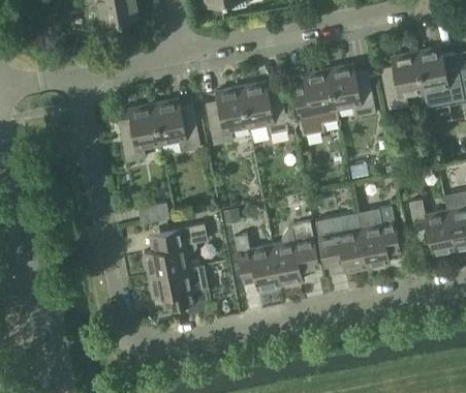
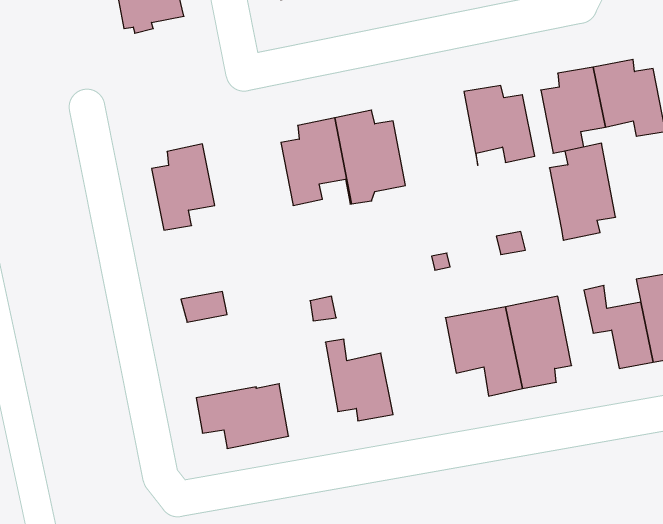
building: [292,69,337,134] -> [549,143,616,240]
building: [152,99,200,152] -> none
building: [272,222,319,286] -> none
building: [144,224,207,275] -> none

